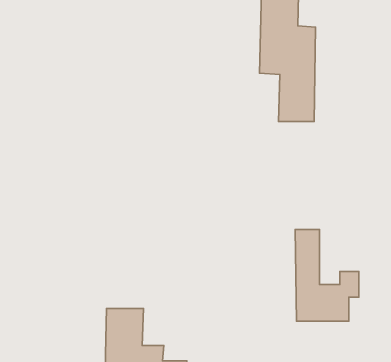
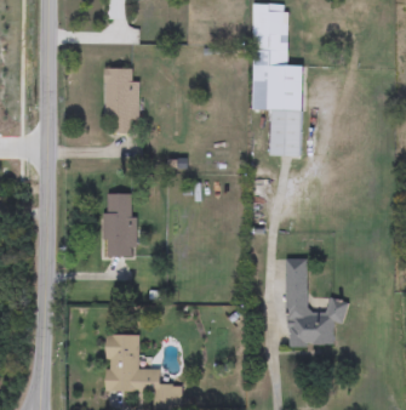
building: none -> [104,68,139,132]
building: none -> [103,193,141,256]

